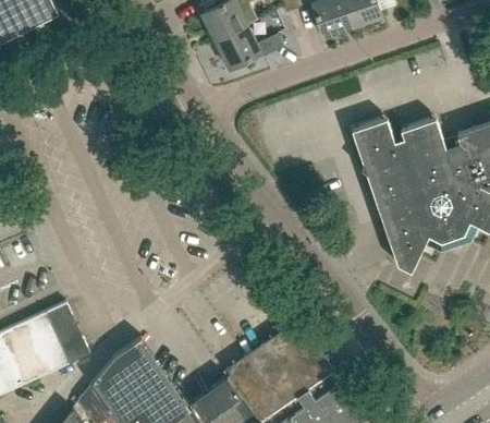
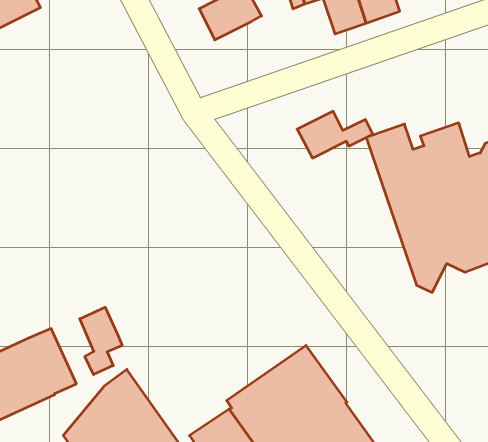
building: [215,26,283,69] -> [297,111,373,158]
building: none -> [80,307,122,375]

